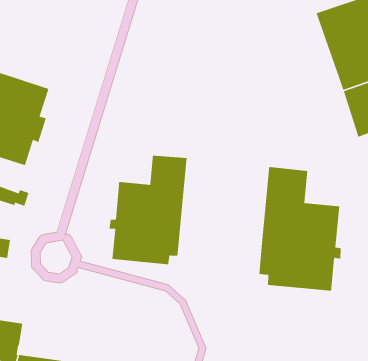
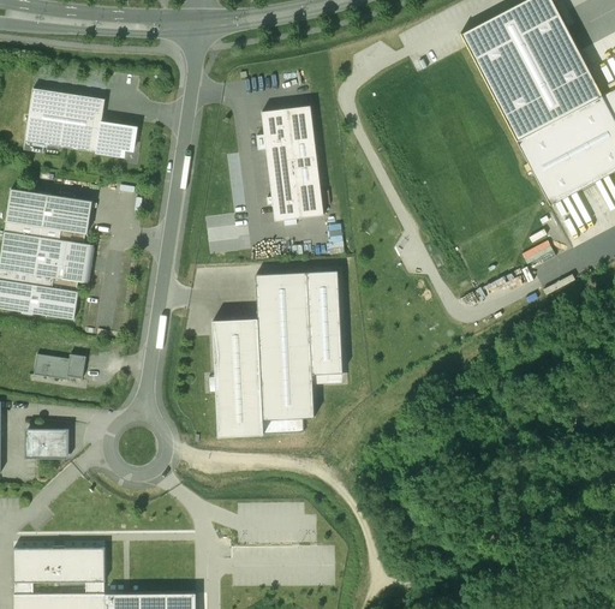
building: none -> [24,88,136,156]
building: none -> [256,105,323,221]
building: none -> [306,270,342,375]
building: [258,166,342,292] -> none

